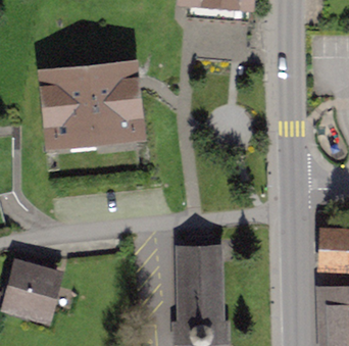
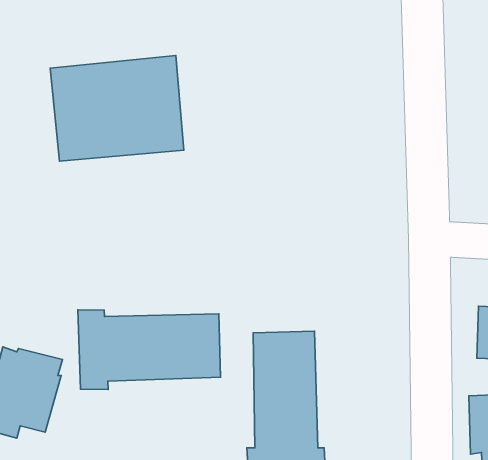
building: none -> [78,310,221,389]

